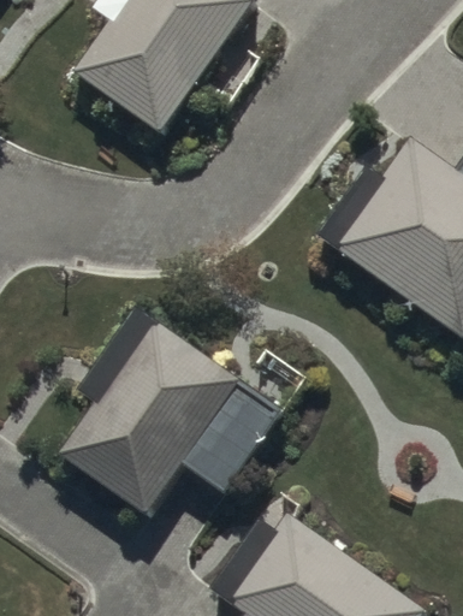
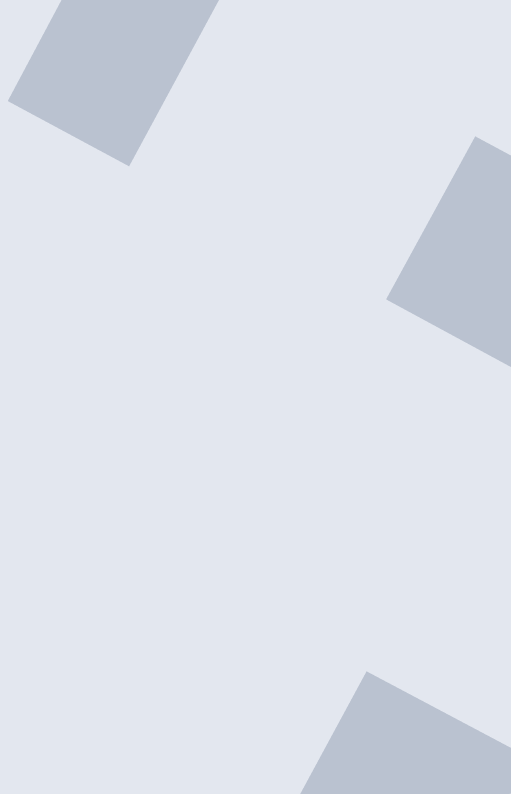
building: [64,321,242,513] -> none

